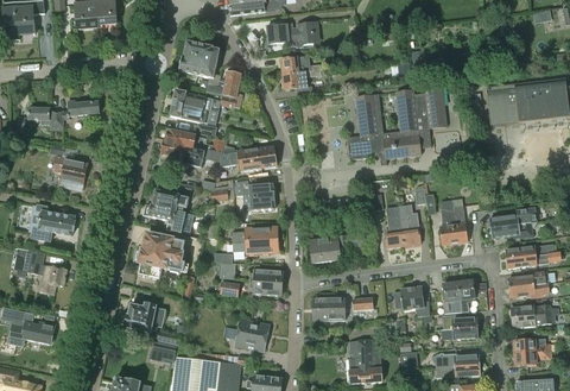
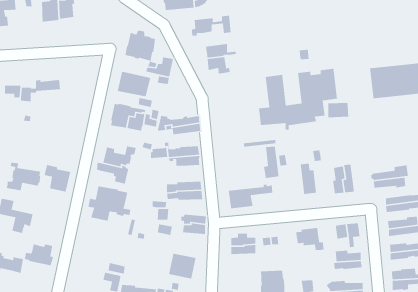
building: [52,154,87,190] -> [44,164,71,192]
building: [384,206,404,247] -> [263,146,279,179]
building: [119,303,157,332] -> [24,243,54,266]

